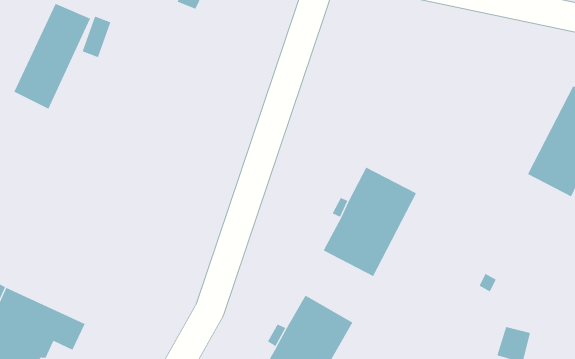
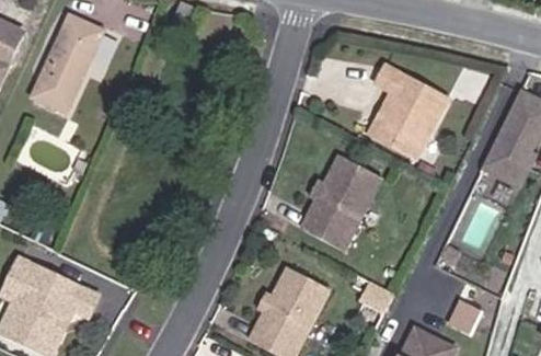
building: none -> [373,65,448,156]

